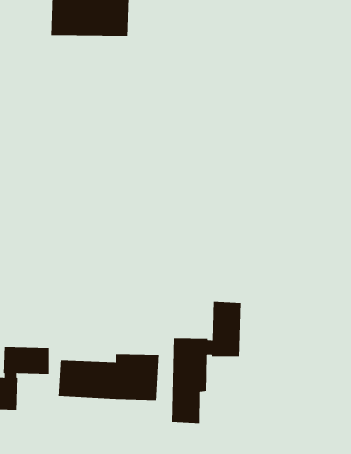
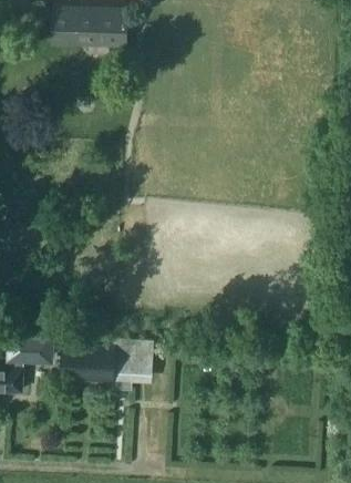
building: [171,301,241,424] -> none

